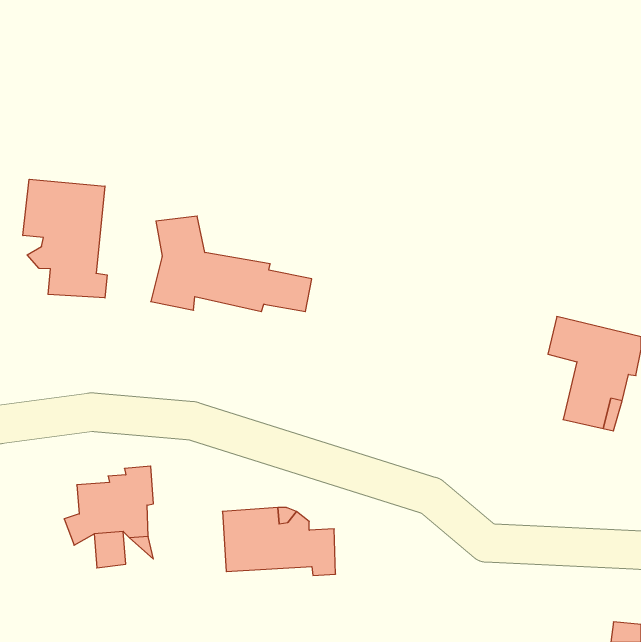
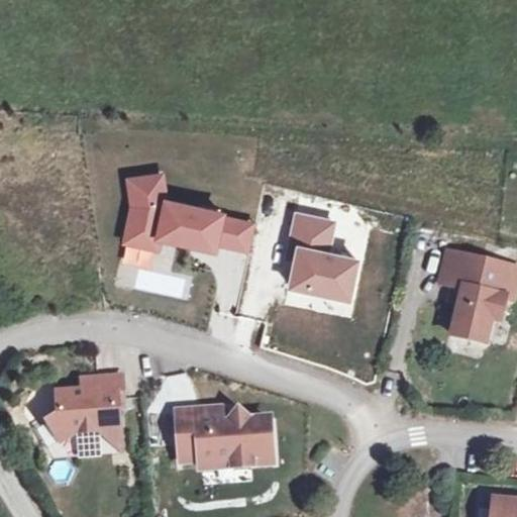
building: [23,179,107,298] -> none
building: none -> [282,211,350,296]

